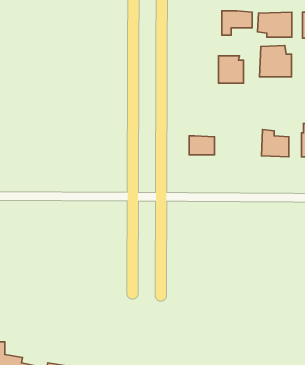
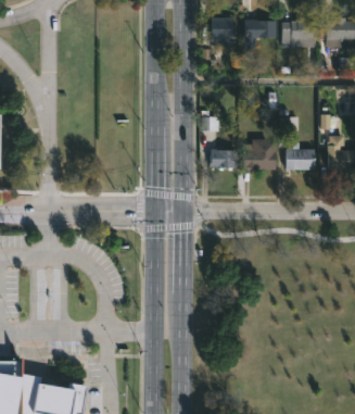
building: [260,46,292,77] -> none
building: [218,56,244,83] -> [211,17,237,46]
building: none -> [241,140,276,171]

